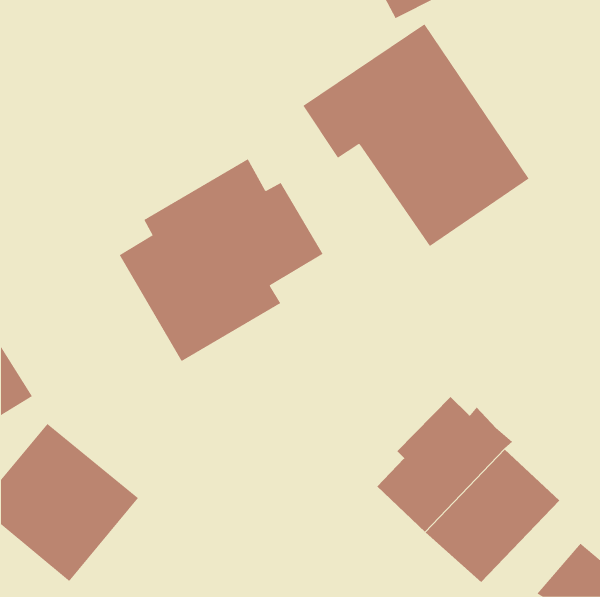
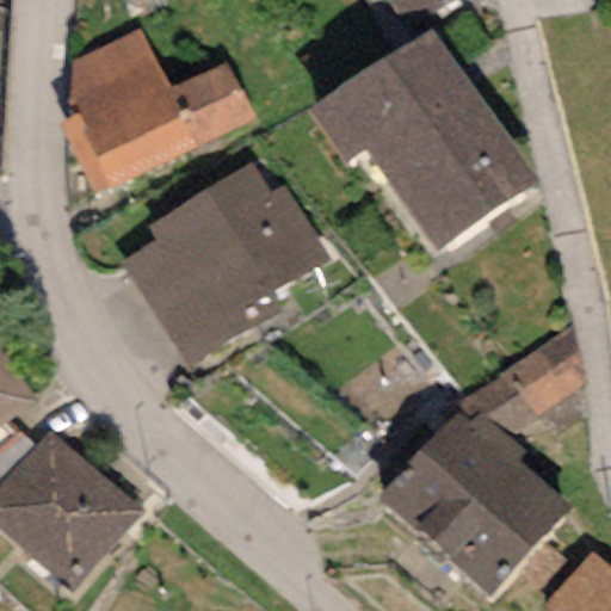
building: none -> [60,30,252,193]
building: none -> [458,326,585,434]

